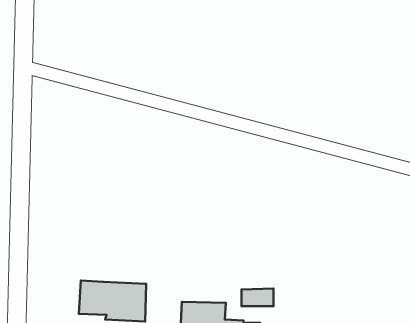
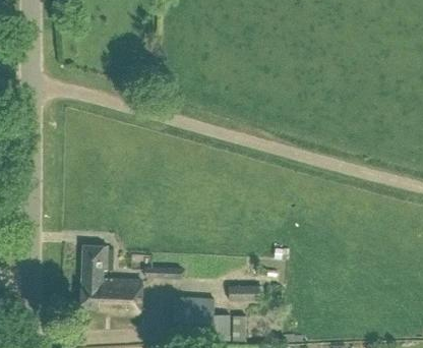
building: none -> [80,245,112,279]

